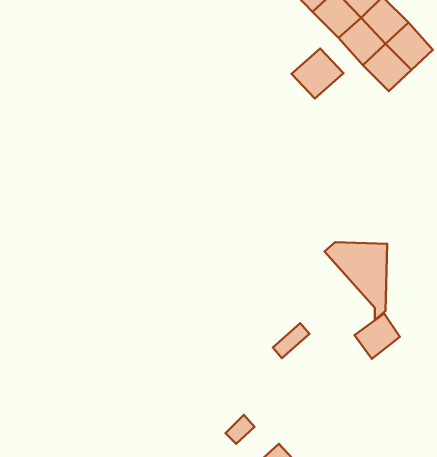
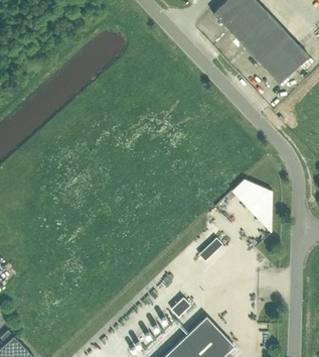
building: [291,48,344,99] -> none
building: [354,313,400,359] -> none

